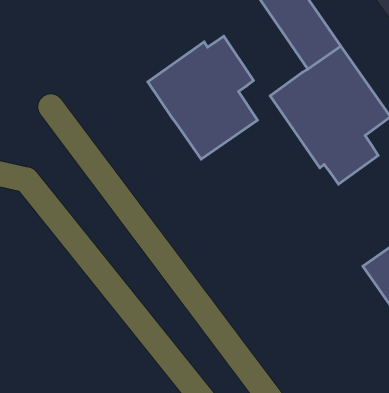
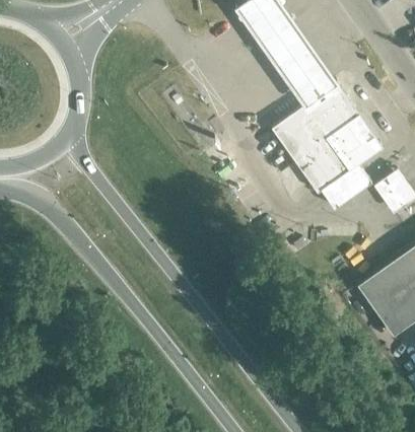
building: [148,36,257,159] -> none

